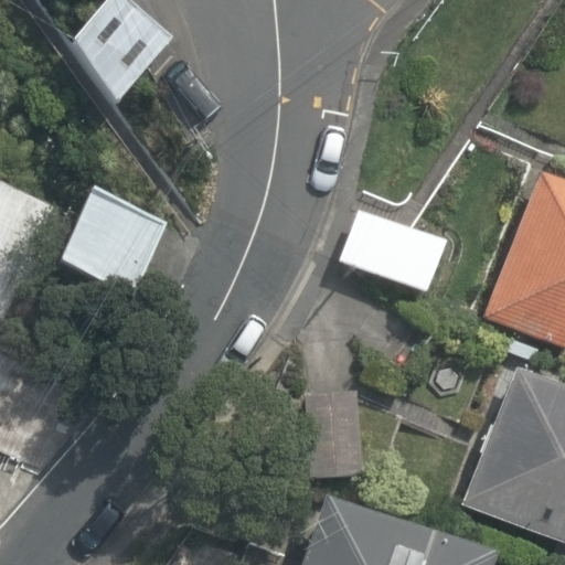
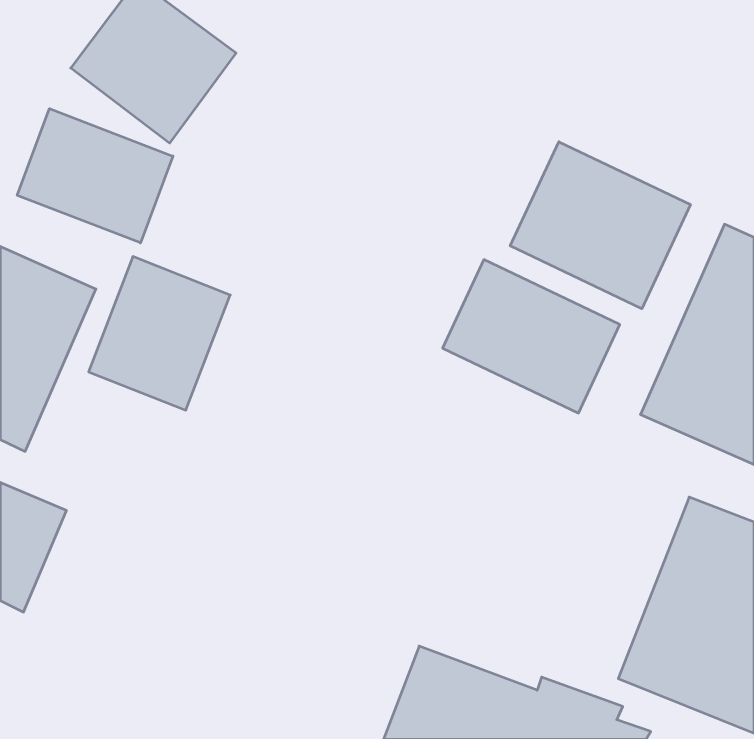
building: none -> [17,109,173,243]
building: none -> [510,142,690,309]

